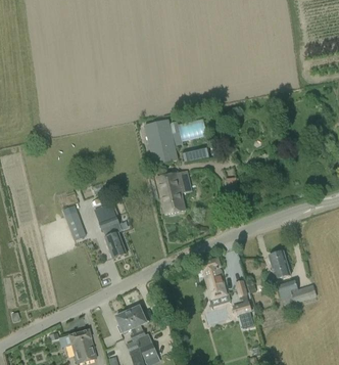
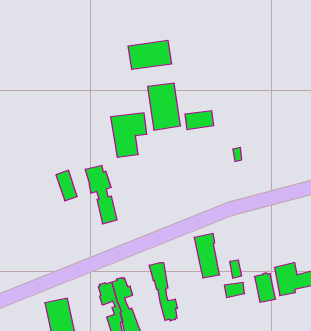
building: none -> [128,40,171,70]
building: [156,170,191,213] -> [111,113,147,157]
building: [269,250,290,278] -> [254,273,276,302]
building: none -> [149,263,178,321]

